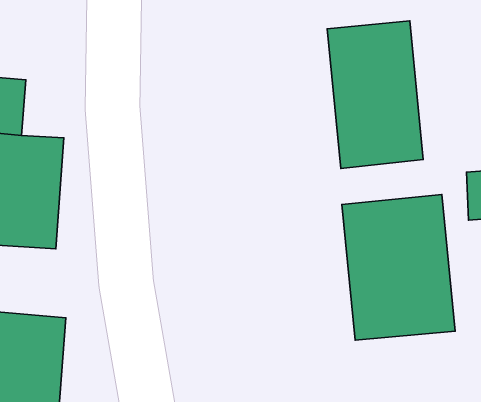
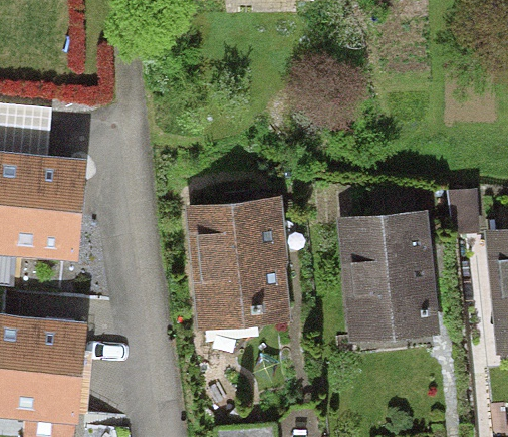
building: [327,21,423,168] -> none
building: none -> [187,197,292,332]

